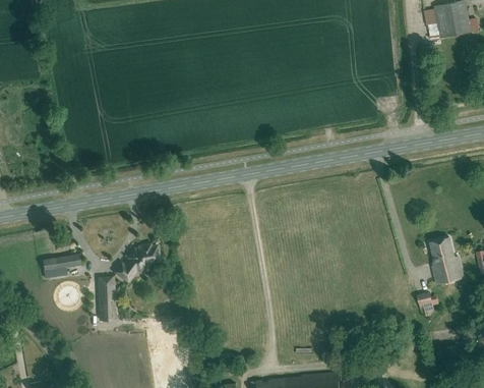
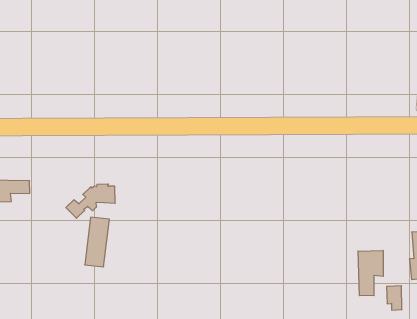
building: none -> [358,250,383,296]
building: [97,276,116,321] -> [85,217,109,267]

